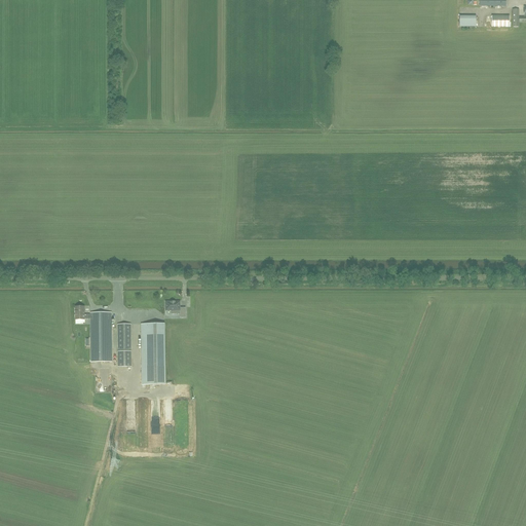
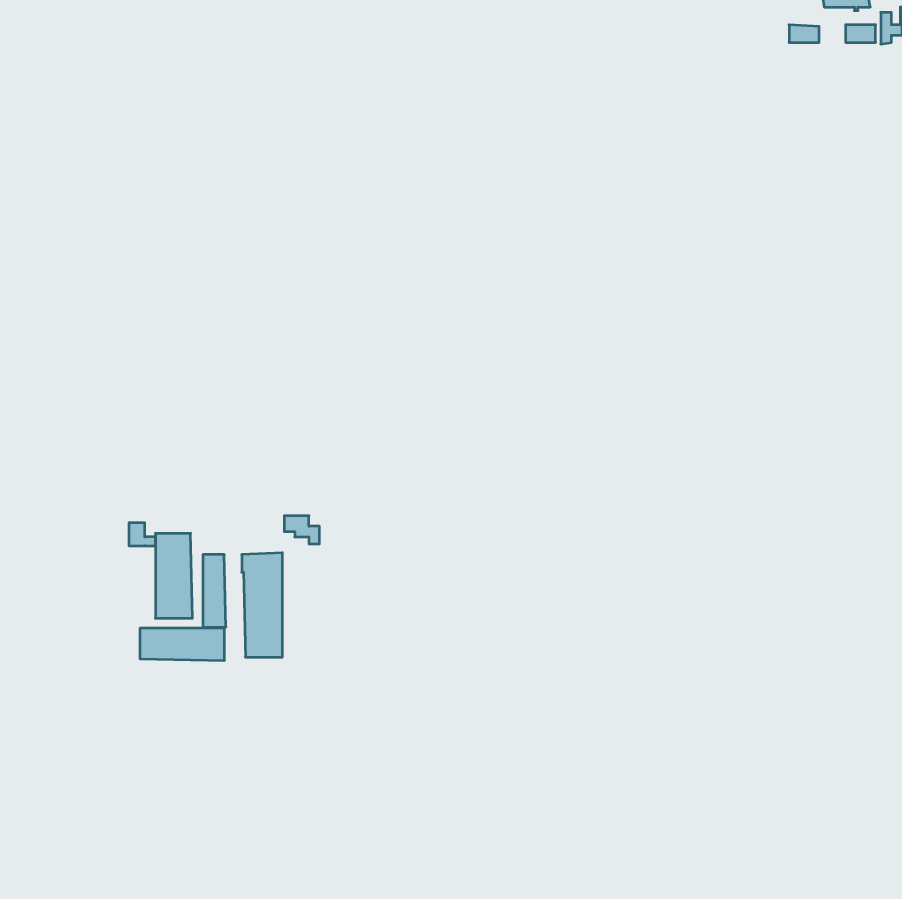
building: none -> [140,628,224,661]

